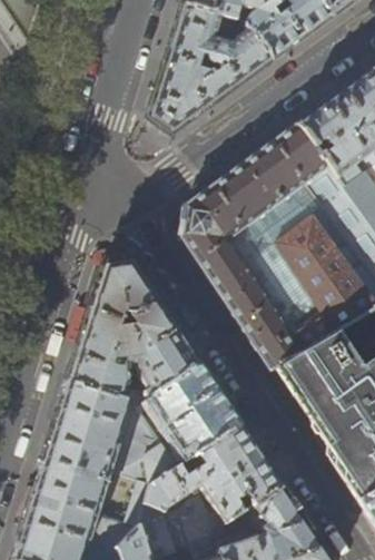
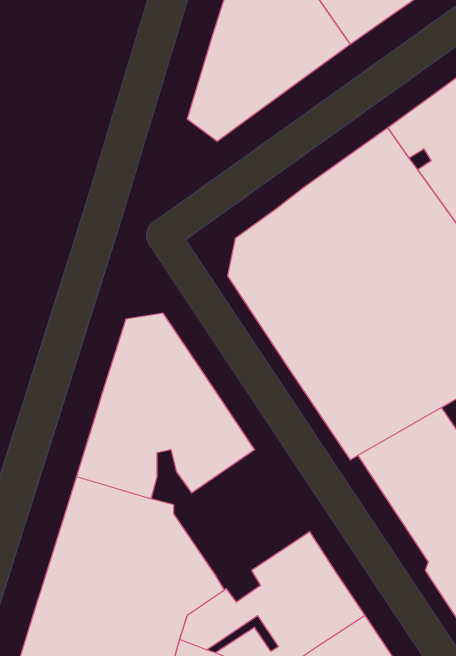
building: [149,363,241,468] -> none

